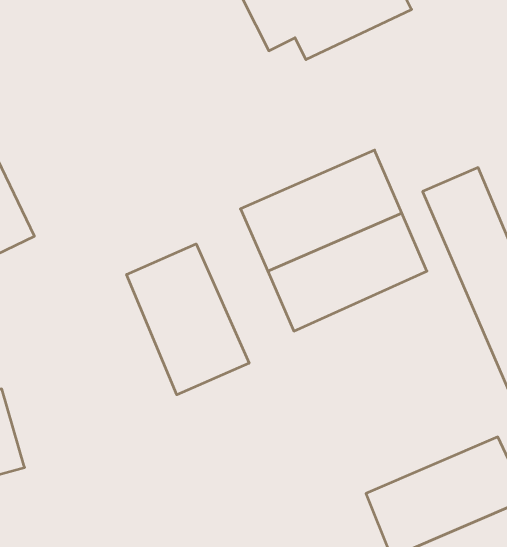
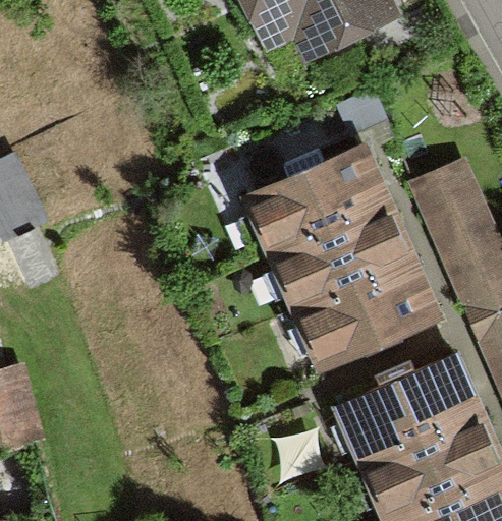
building: [127,244,249,395] -> none
building: none -> [291,254,443,372]
building: none -> [335,354,482,462]

